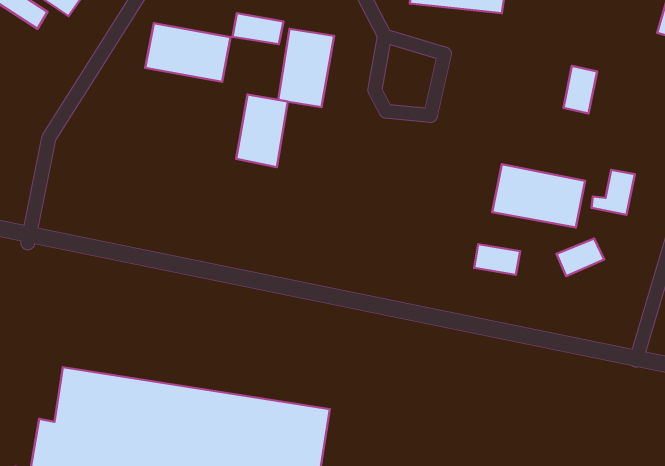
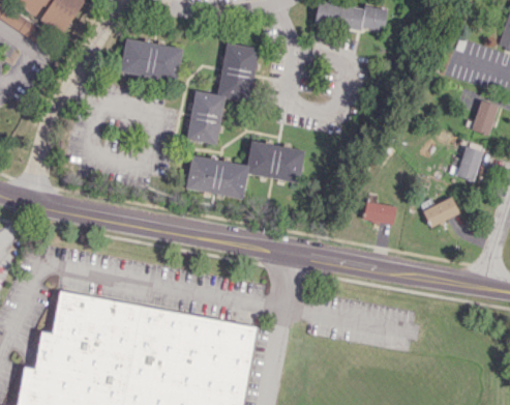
building: [233,13,284,44] -> none
building: [563,66,597,114] -> [473,100,498,136]
building: none -> [186,141,305,199]
building: [492,164,585,227] -> none

